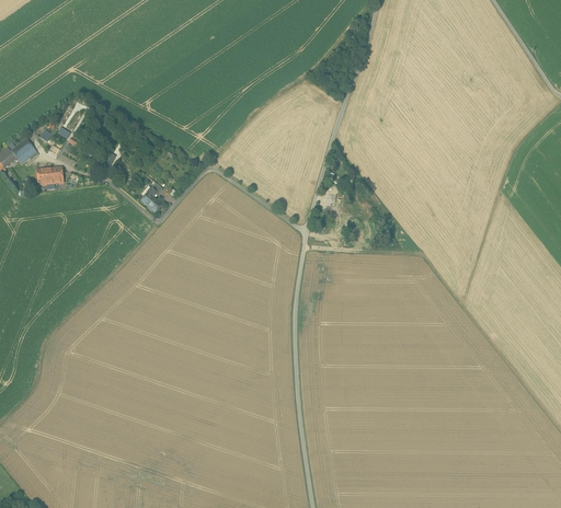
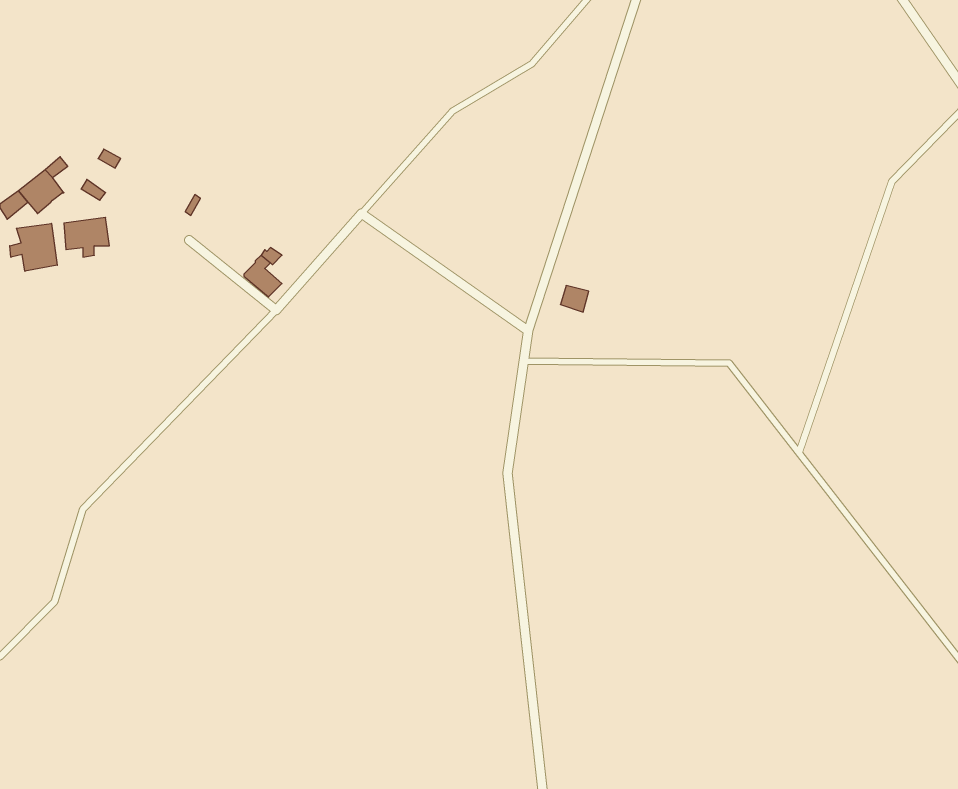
building: none -> [10,223,57,271]

